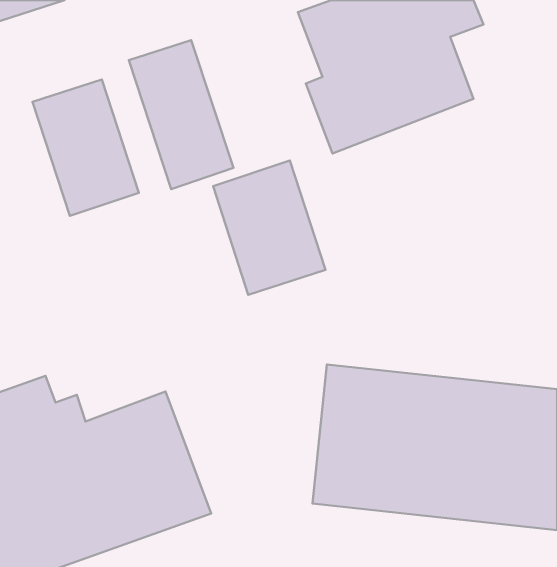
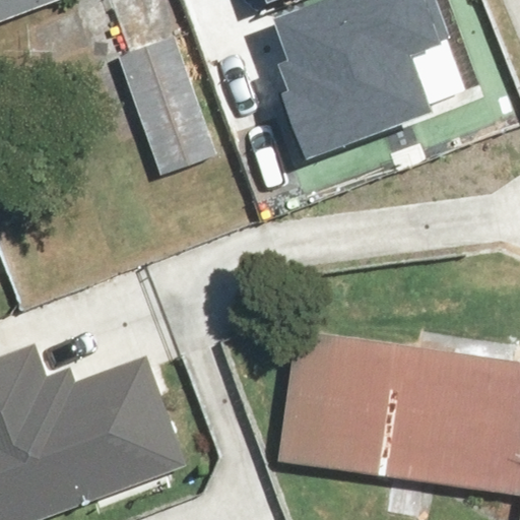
building: [32,80,139,216] -> none
building: [213,161,326,295] -> none

